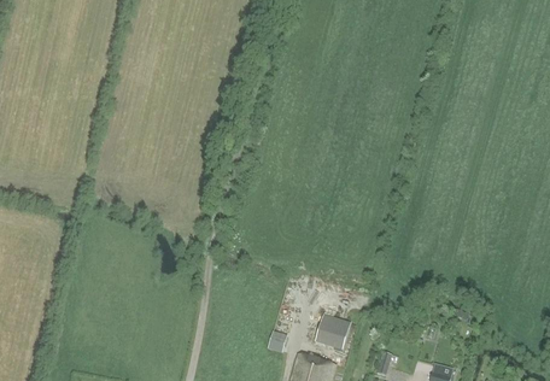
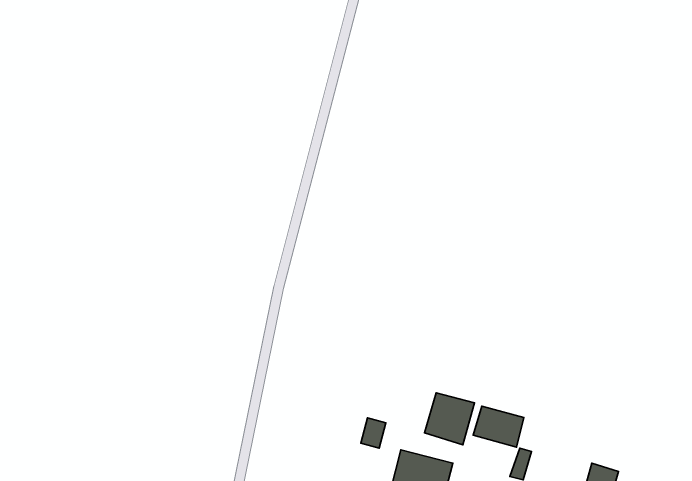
building: none -> [473,406,524,447]

